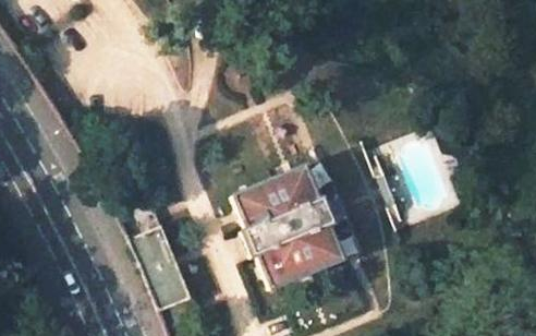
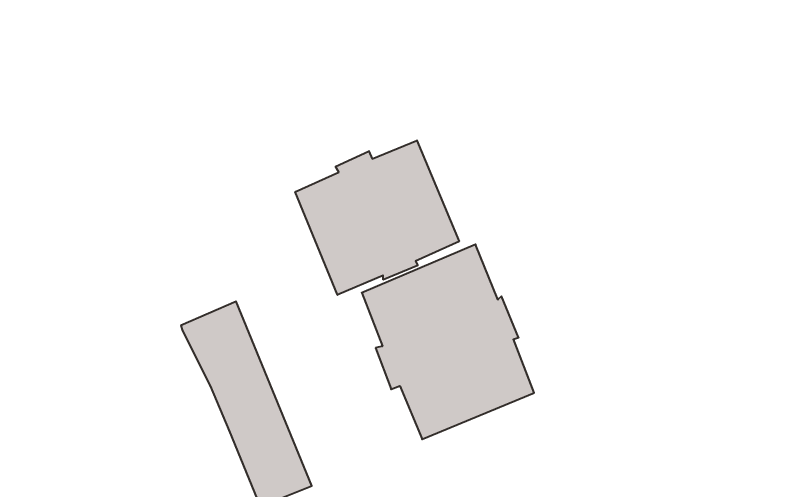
building: none -> [295,140,459,295]

